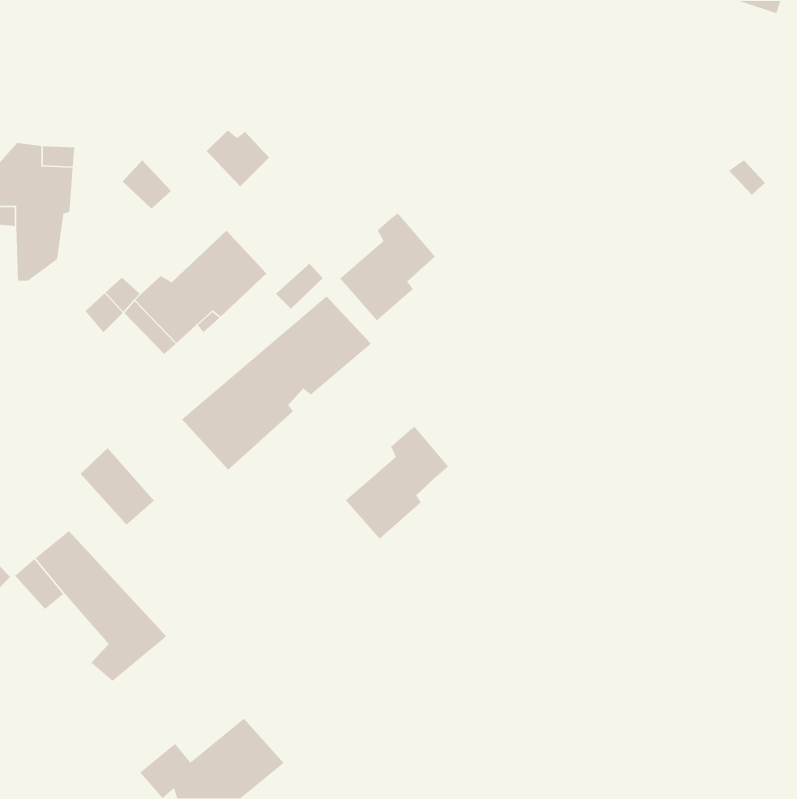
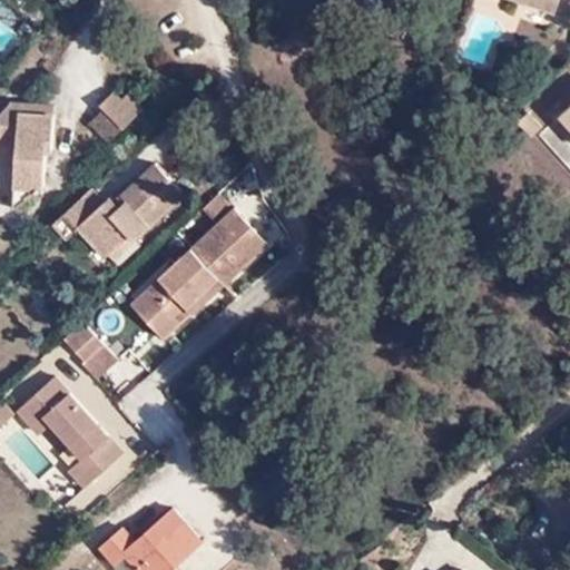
building: [206,129,270,187] -> [98,95,144,136]
building: [339,212,436,322] -> none
building: [345,426,449,540] -> none

